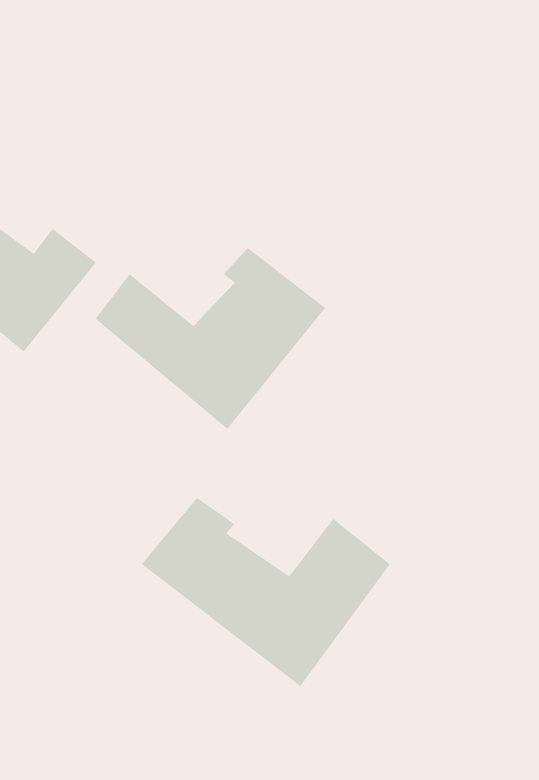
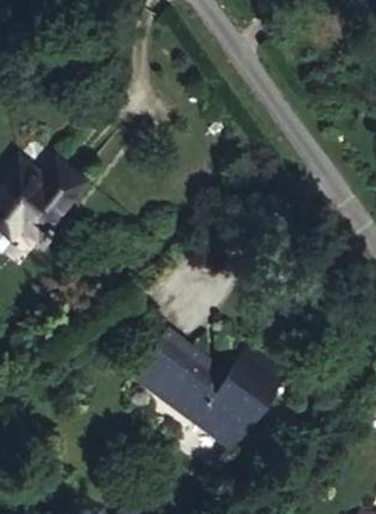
building: [95,247,326,430] -> none

